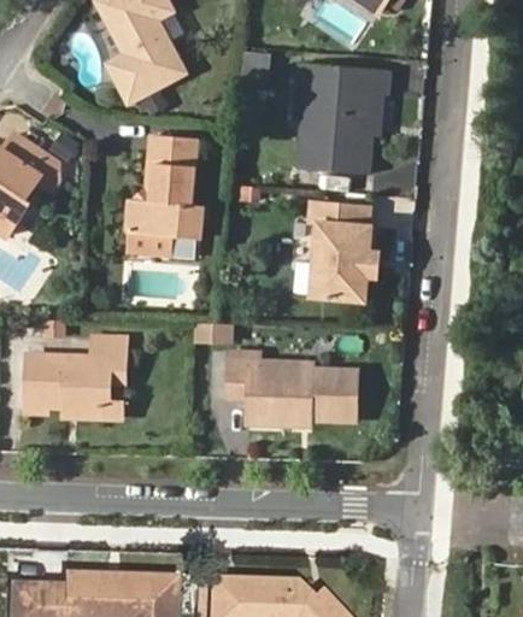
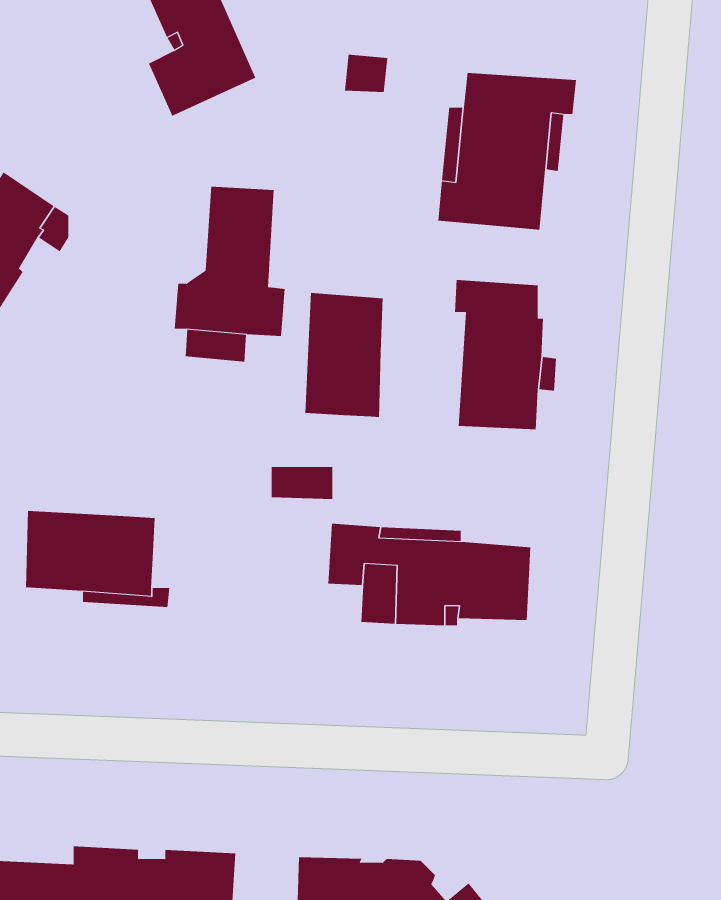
building: none -> [305,292,383,418]
building: [94,335,130,386] -> none

